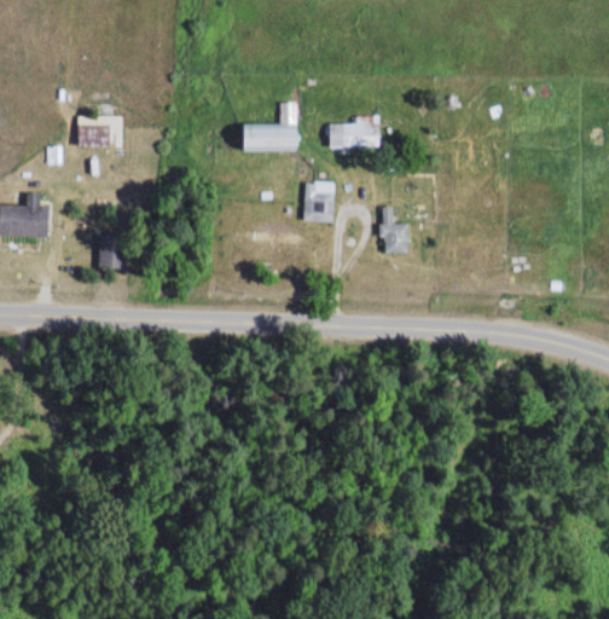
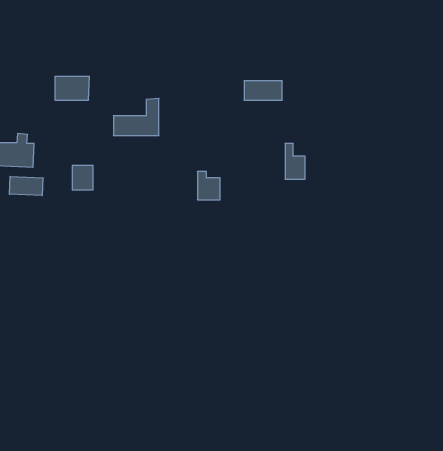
building: [238,102,298,151] -> [113,98,159,136]
building: [304,184,335,221] -> [197,172,220,200]
building: none -> [9,176,43,196]

